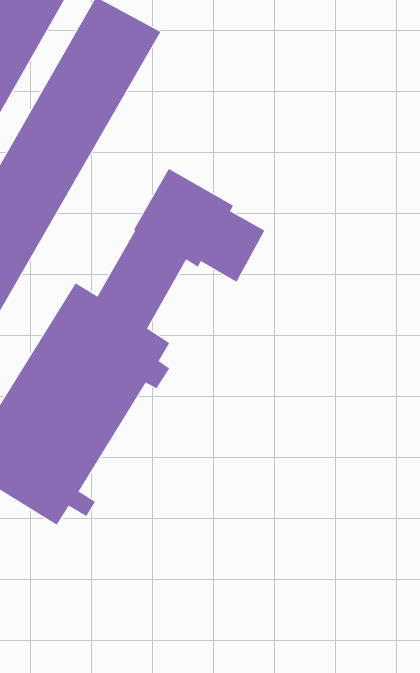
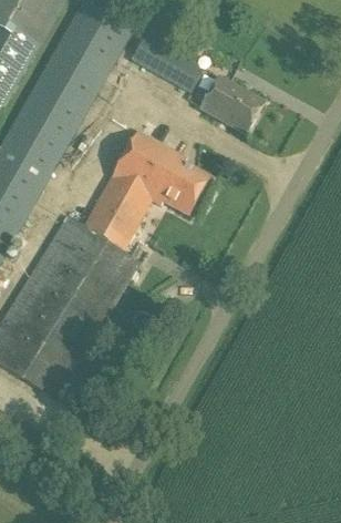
building: none -> [132,35,203,91]
building: none -> [202,76,262,132]

